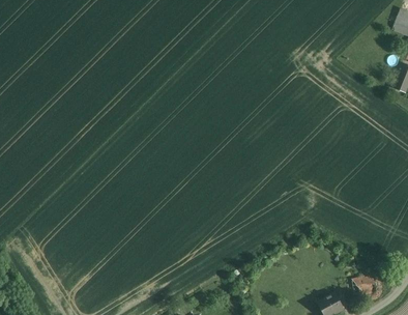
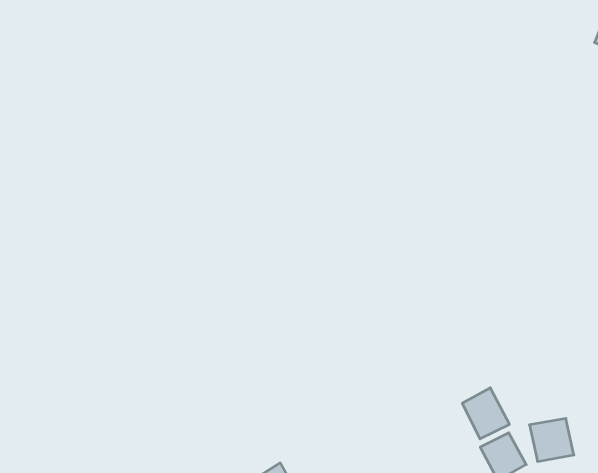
building: none -> [462,388,509,439]

